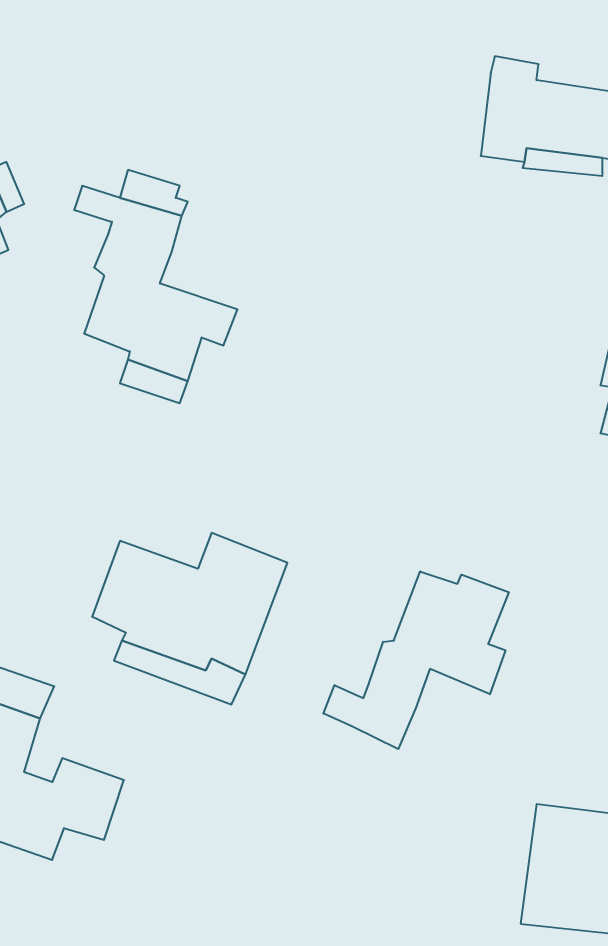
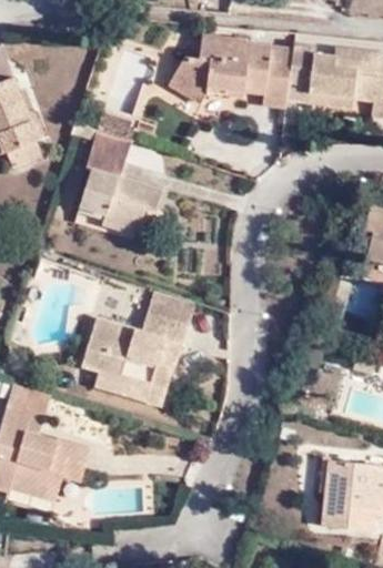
building: none -> [181,41,302,112]
building: none -> [147,290,198,329]
building: [323,571,509,749] -> none

